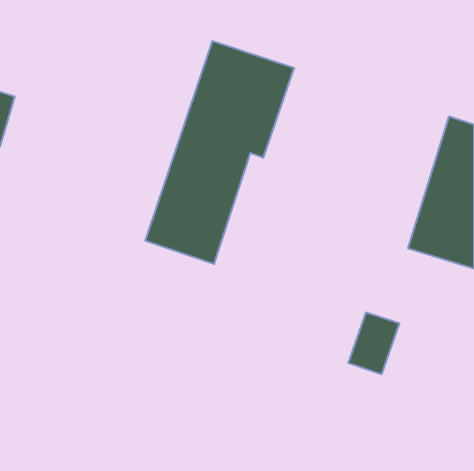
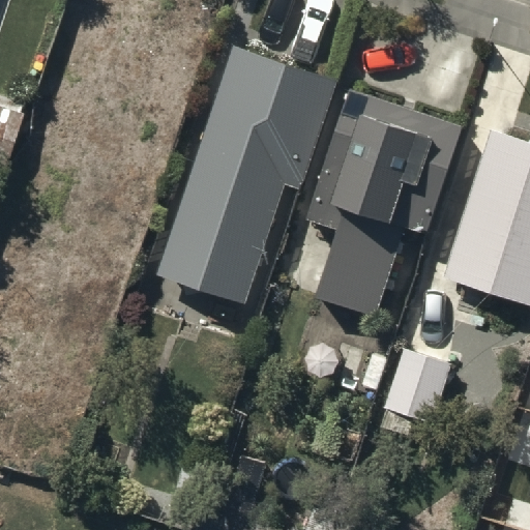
building: none -> [313,93,455,313]

